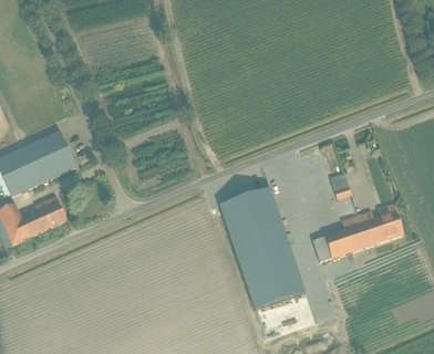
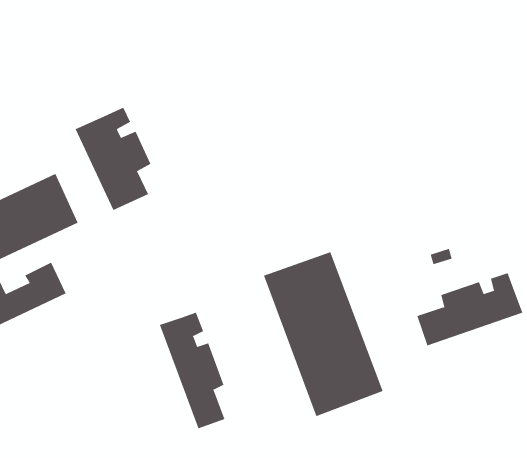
building: none -> [75,107,151,211]
building: none -> [159,312,225,429]

